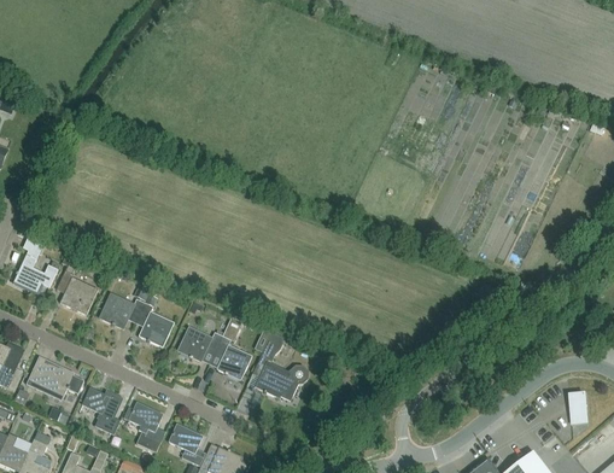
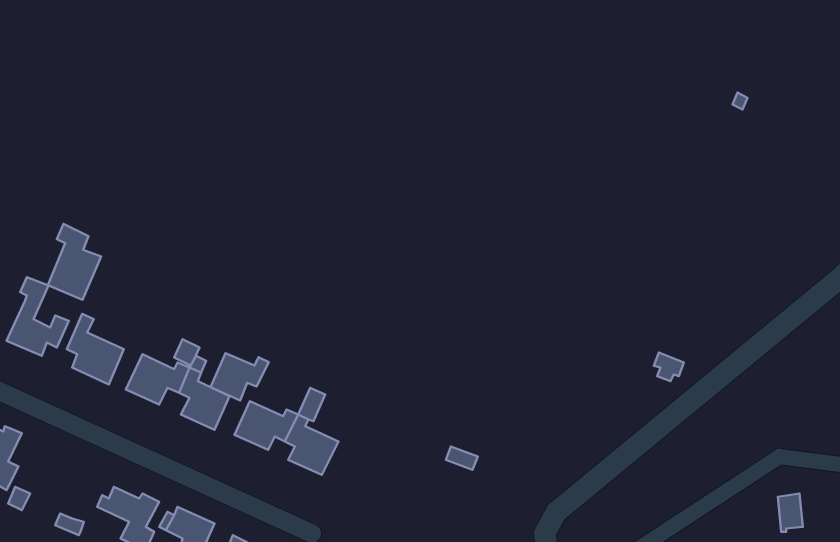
building: none -> [48,224,101,300]
building: none -> [210,353,269,400]
building: [252,332,308,401] -> none
building: [28,357,84,397] -> none

